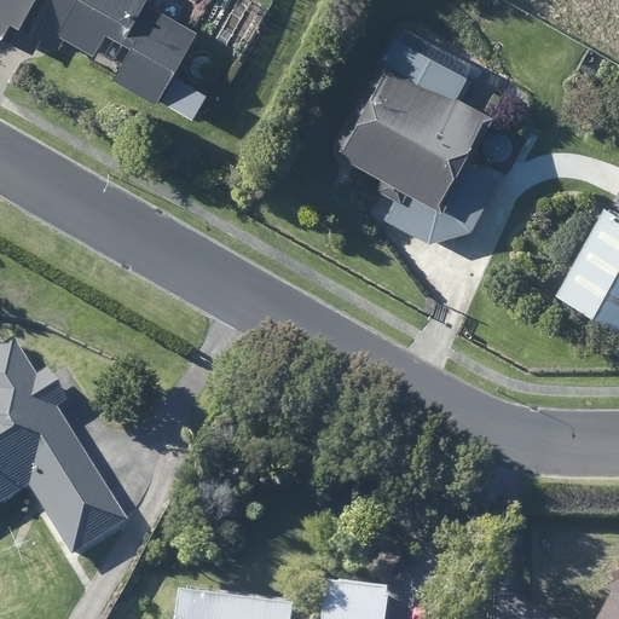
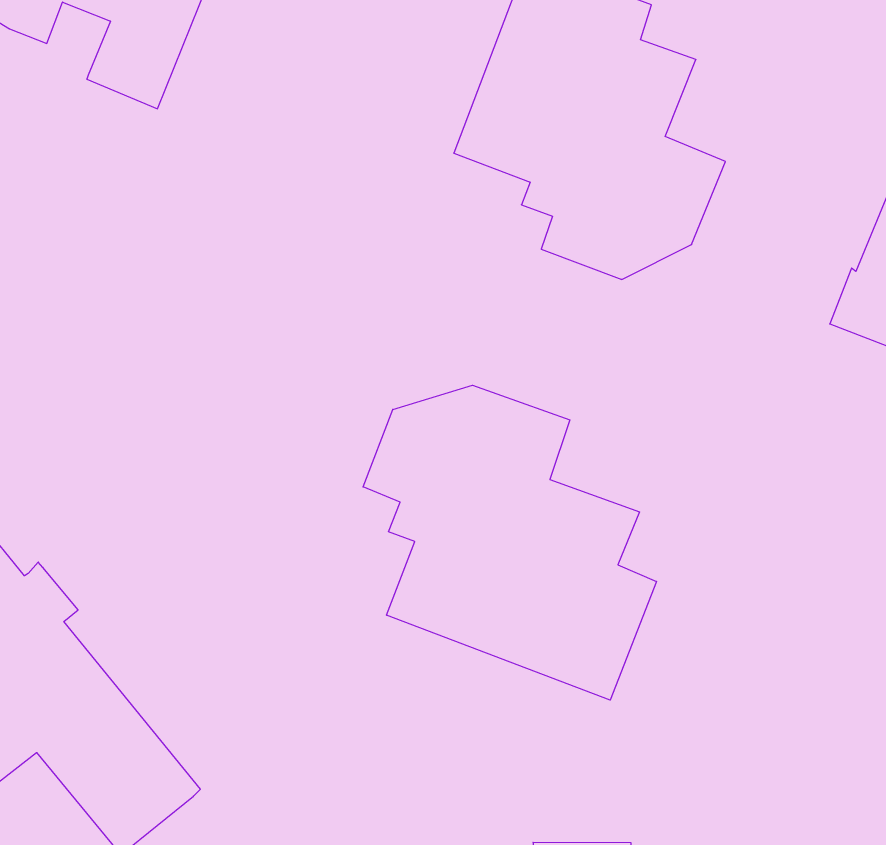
building: none -> [363,385,656,700]

